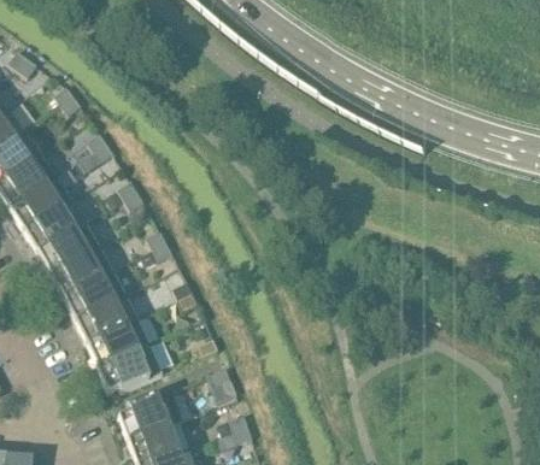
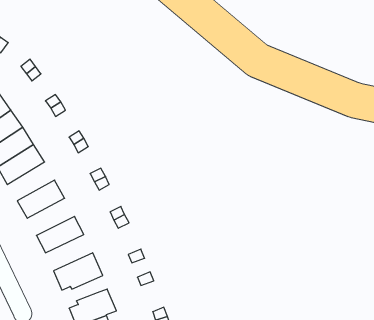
building: [35,224,98,276] -> none
building: [61,272,124,322] -> none
building: [86,320,148,369] -> none

